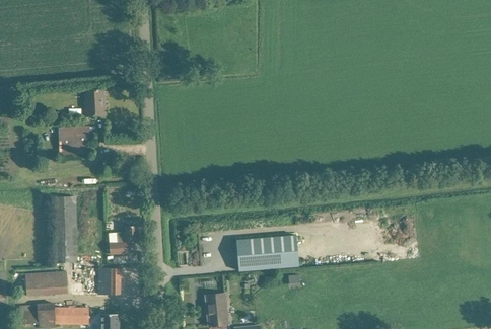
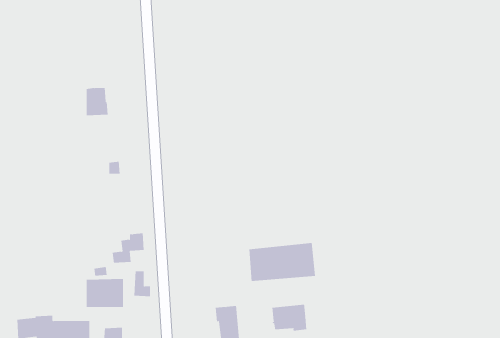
building: [58,126,95,154] -> none
building: [52,196,76,262] -> none
building: [24,271,67,295] -> none
building: none -> [272,304,307,331]

